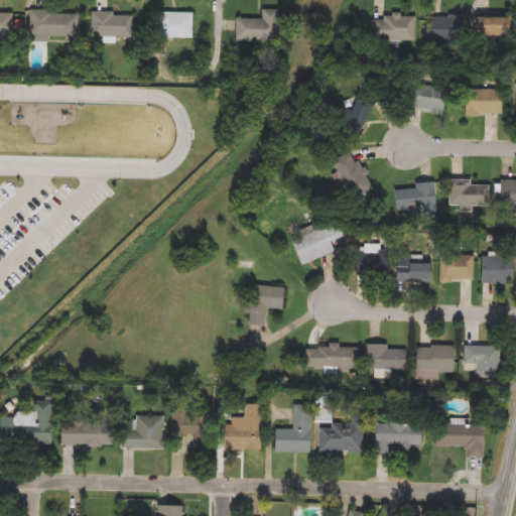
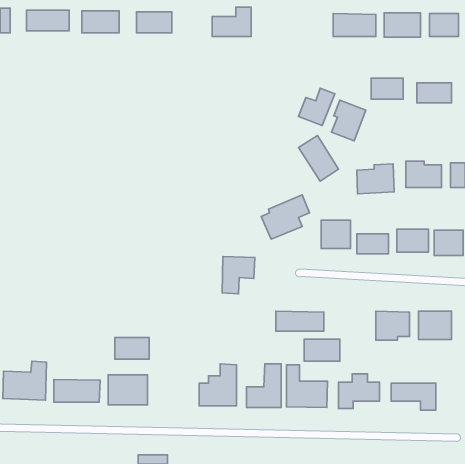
building: none -> [332,100,366,141]
building: [367,345,406,369] -> [304,339,340,361]
building: [171,410,210,434] -> [115,337,149,359]

